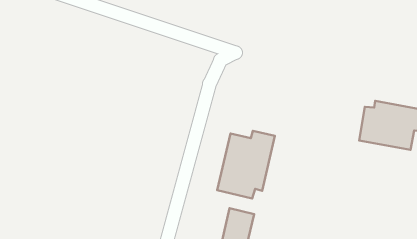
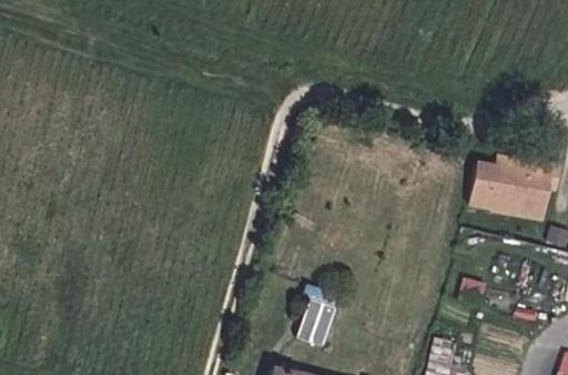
building: [217,131,275,199] -> none

